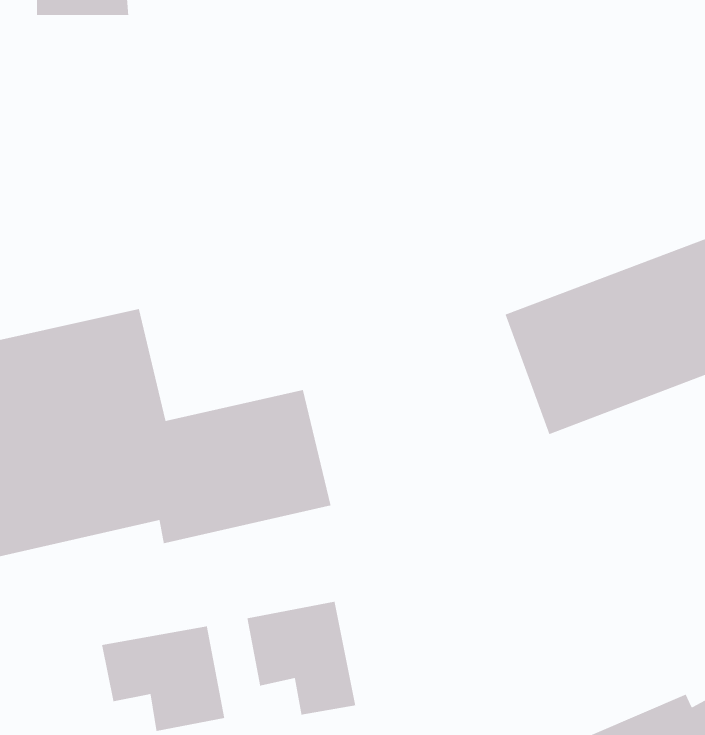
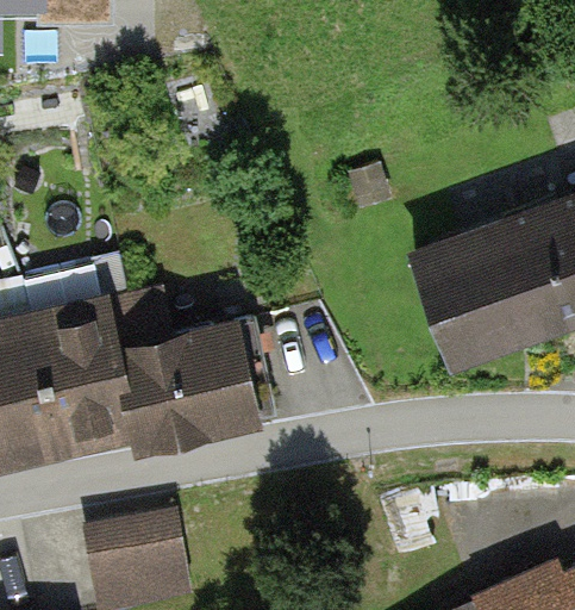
building: [246,601,356,715] -> none

